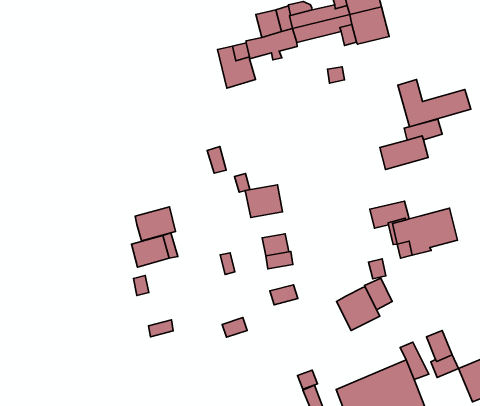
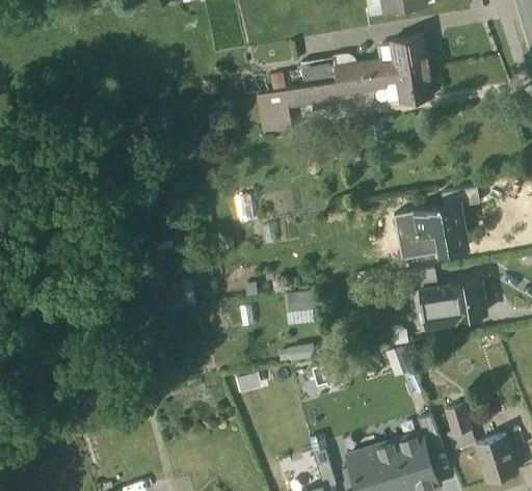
building: [398,80,471,127] -> [395,211,468,258]
building: [245,185,282,217] -> none
building: [135,207,176,241] -> none
building: [337,287,380,330] -> none

